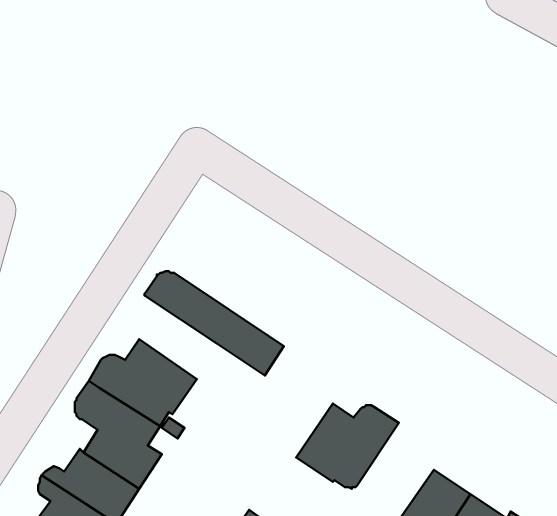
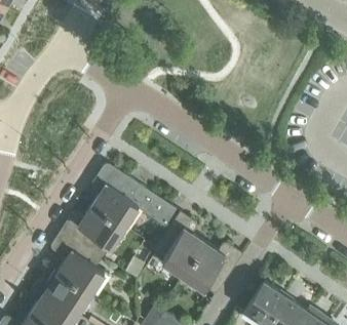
building: none -> [91,180,138,230]
building: none -> [156,212,205,276]

